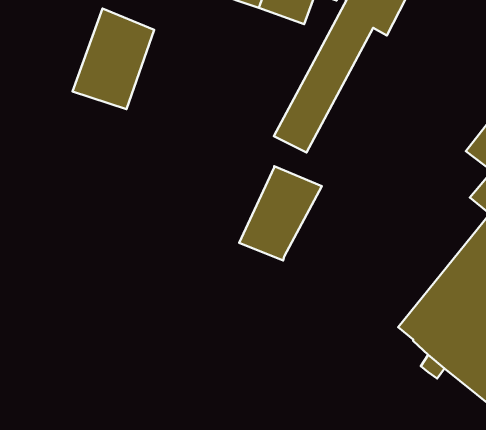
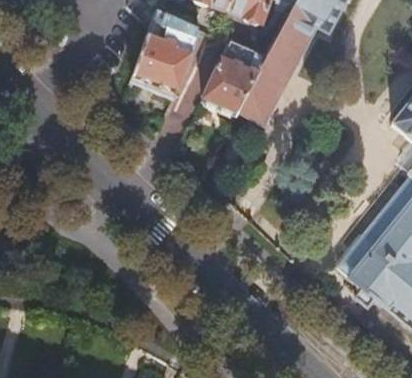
building: [72,8,154,109] -> [134,9,199,89]
building: [239,166,322,260] -> [203,40,269,115]

